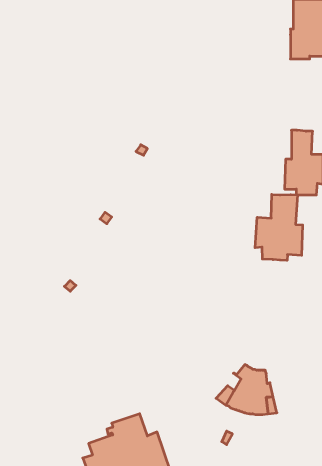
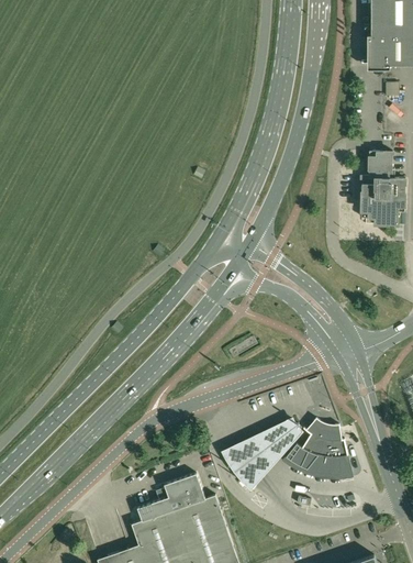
building: [255,194,303,260] -> none
building: none -> [221,415,303,489]

